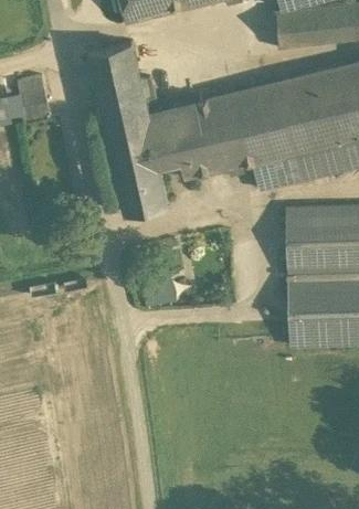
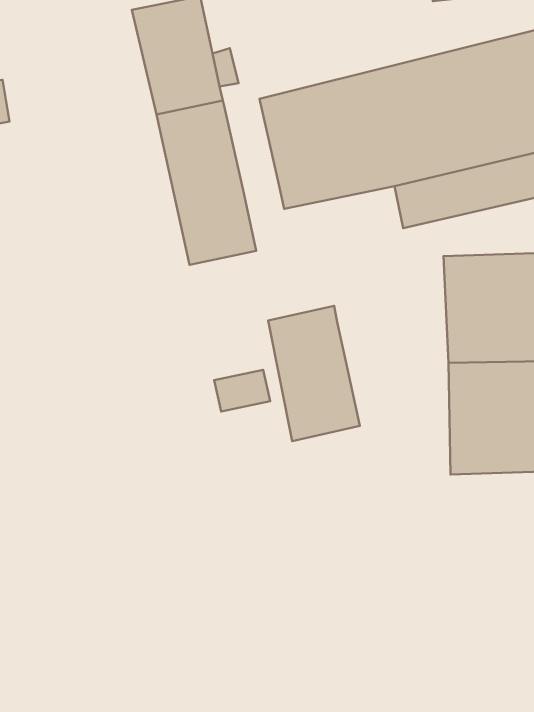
building: [17,74,50,118] -> none
building: [147,107,181,167] -> none
building: none -> [268,306,360,441]

